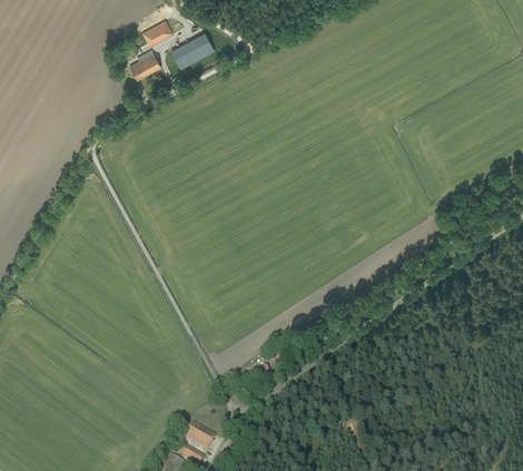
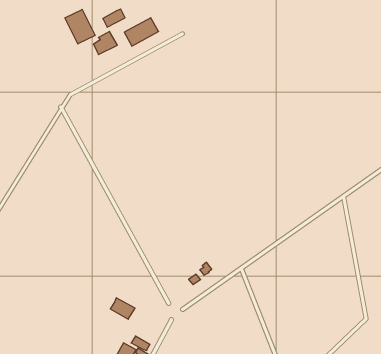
building: none -> [65,9,95,44]
building: [184,422,216,450] -> [110,298,135,319]

